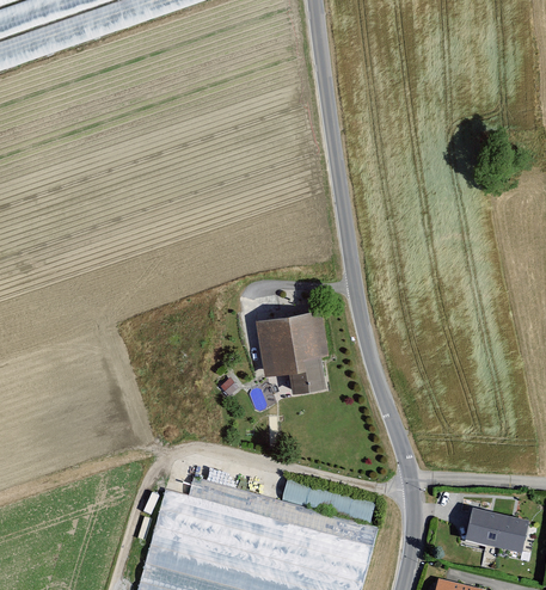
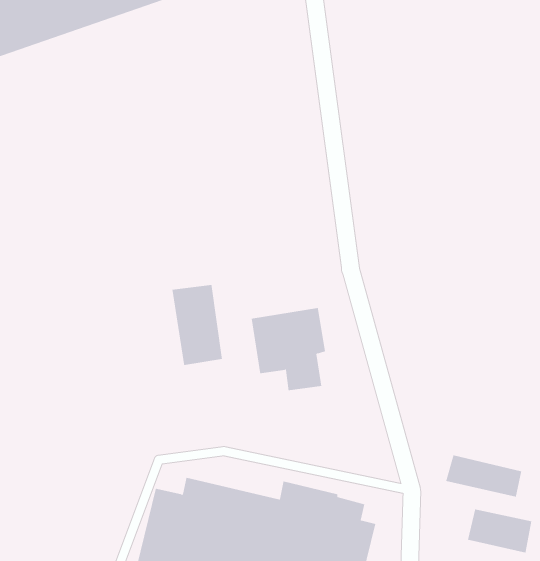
building: none -> [172,284,222,366]
building: none -> [446,454,522,498]

